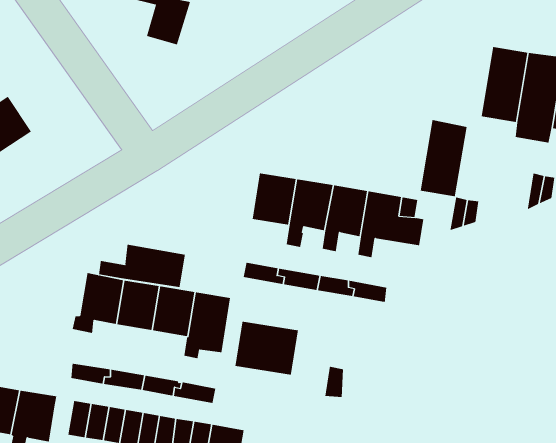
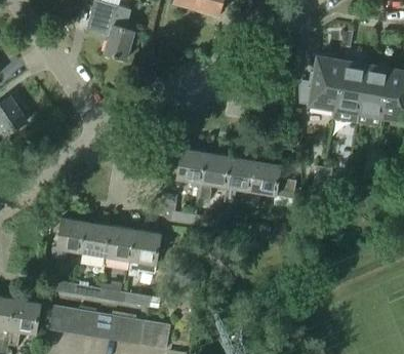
building: [420,119,467,197] -> [310,56,342,110]
building: [99,244,185,288] -> none
building: [235,321,298,376] -> none

